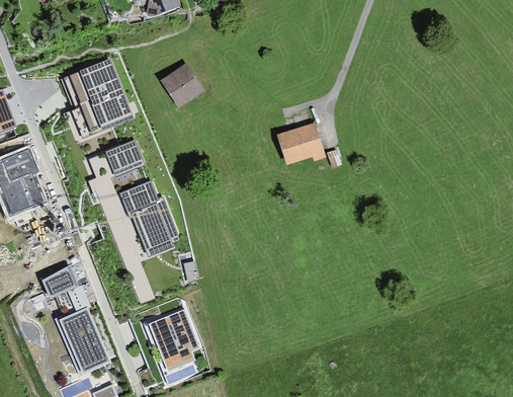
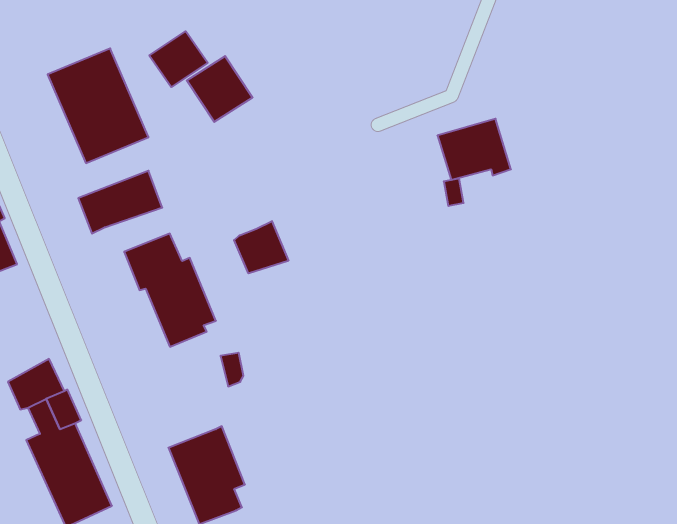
building: none -> [149,31,208,87]
building: [276,124,325,164] -> [437,119,511,180]
building: none -> [234,221,288,273]

